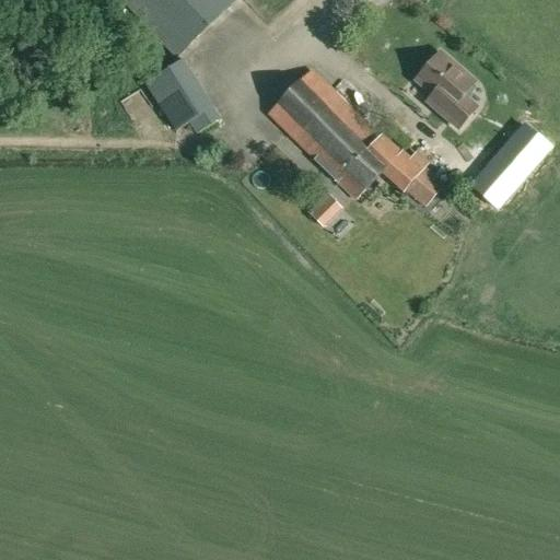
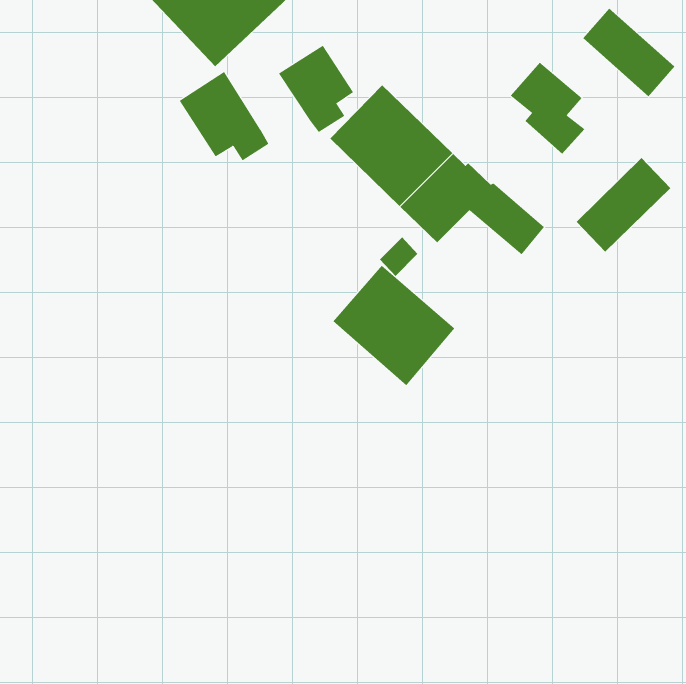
building: none -> [583,8,675,97]
building: none -> [278,45,354,133]
building: none -> [333,265,455,386]

